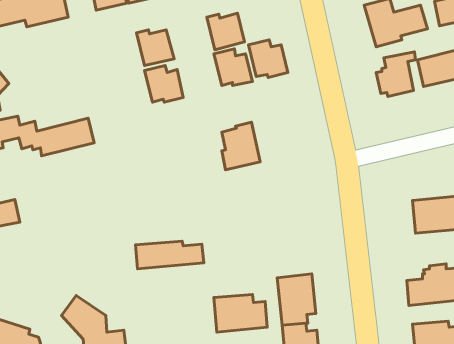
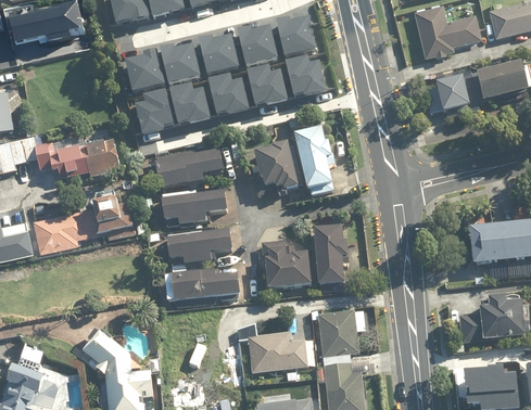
building: none -> [277,14,318,54]
building: none -> [201,31,242,71]
building: none -> [128,46,168,89]
building: none -> [210,71,253,111]
building: none -> [138,86,178,132]
building: none -> [291,129,338,190]
building: none -> [143,148,220,192]
building: none -> [159,191,226,226]
building: none -> [31,202,132,254]
building: none -> [165,227,229,264]
building: none -> [312,228,347,286]
building: none -> [260,239,309,290]

